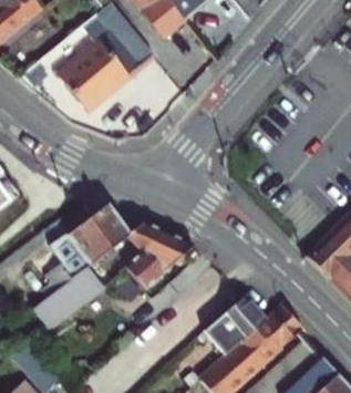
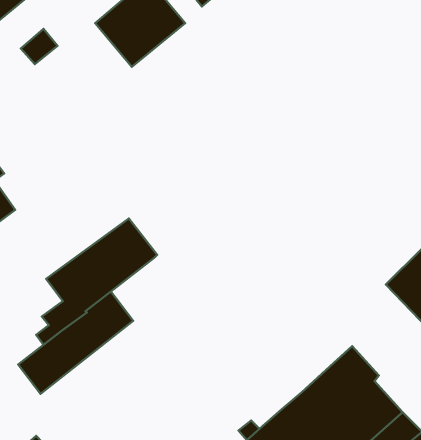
building: [54,52,105,105] -> none
building: [122,224,190,290] -> none
building: [203,296,265,356] -> none

